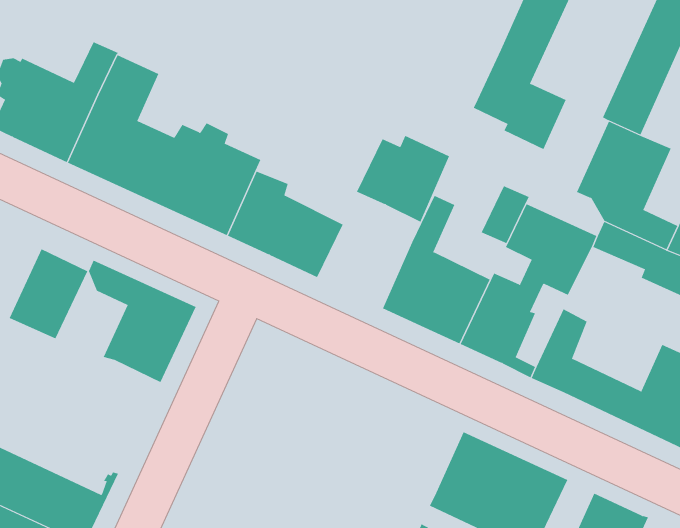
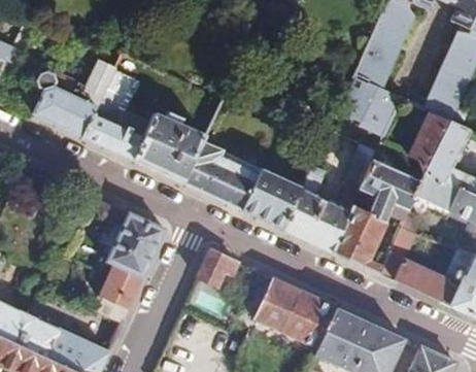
building: [356,135,450,223] -> [243,174,303,230]
building: [9,249,88,339] -> [93,263,143,320]
building: none -> [196,249,238,286]
building: none -> [253,278,336,347]

